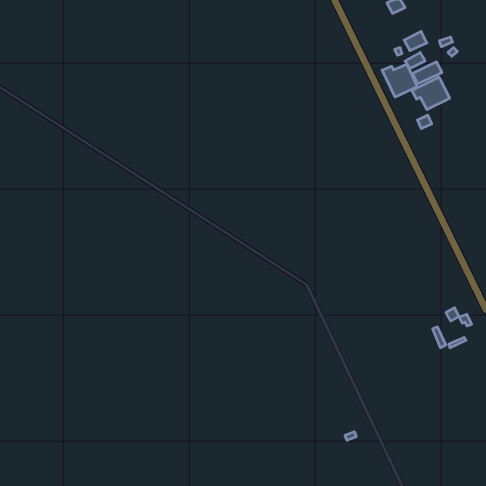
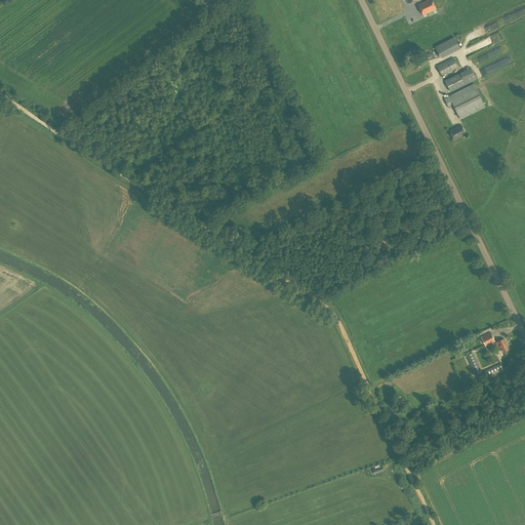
building: [382,64,417,97] -> none

